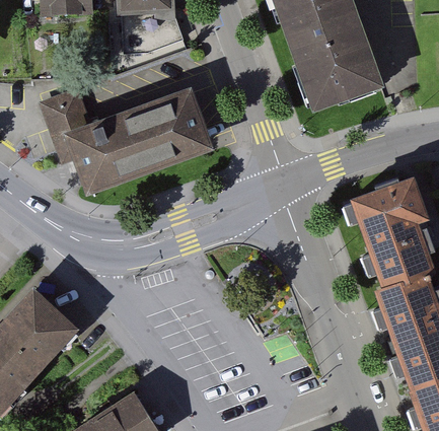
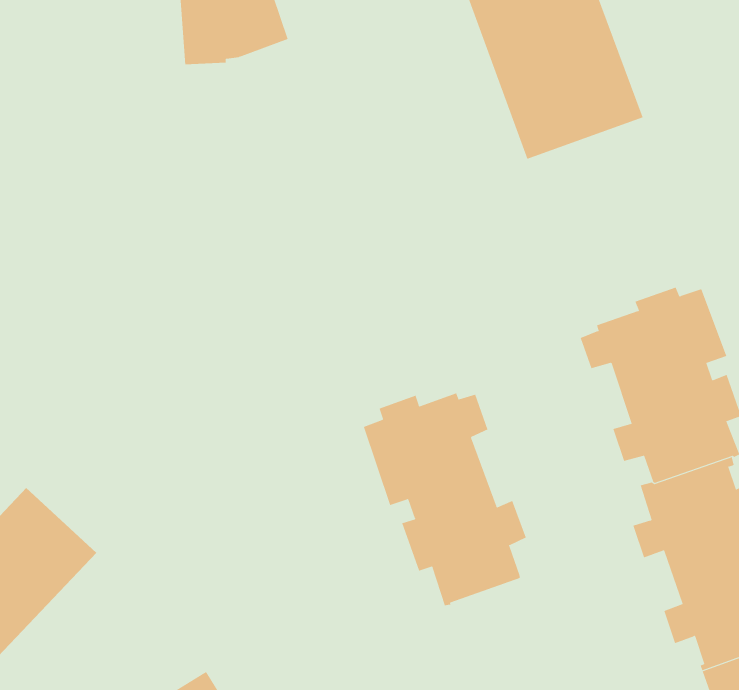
building: [40,90,209,195] -> none
building: none -> [363,392,526,606]

